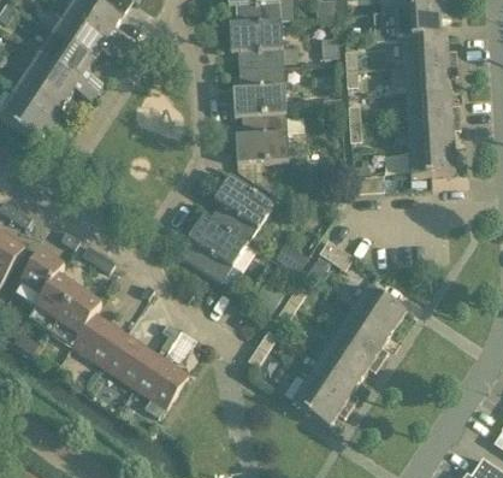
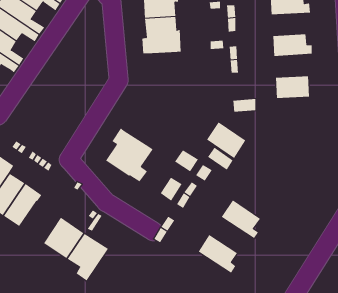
building: [403,61,456,92] -> none
building: [235,113,288,163] -> none
building: [407,116,460,147] -> none
building: [209,175,272,238] -> none
building: [353,284,406,334] -> [206,121,246,159]
building: [71,311,125,366] -> none
building: [321,331,381,379] -> none
building: [291,377,351,425] -> none

